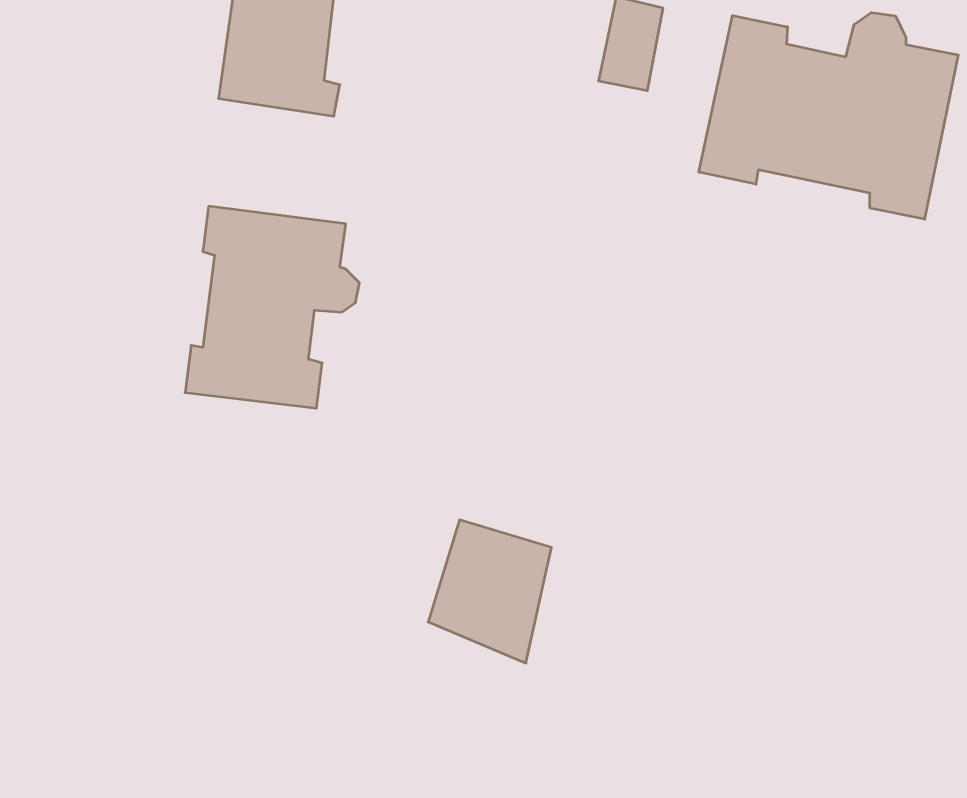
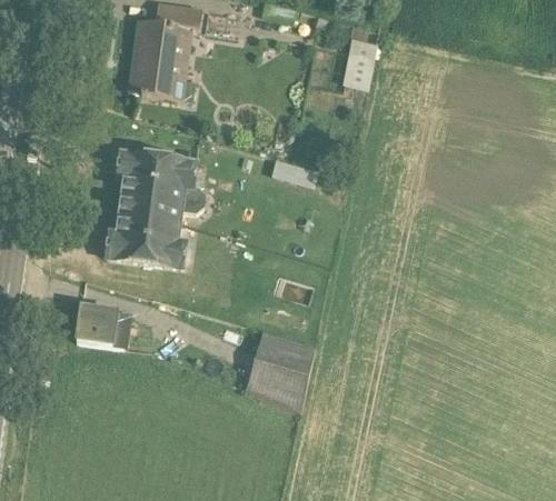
building: [699,13,958,219] -> none
building: none -> [77,309,129,349]

